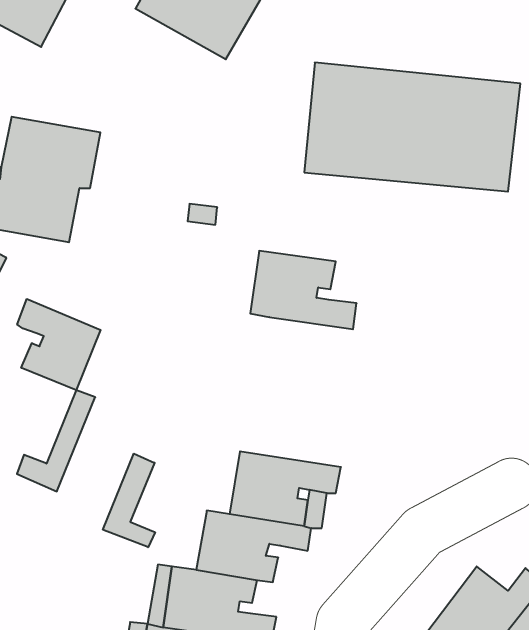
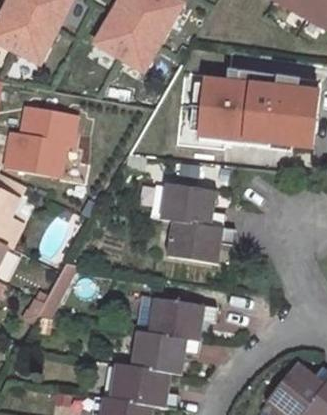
building: [17,299,101,390] -> none
building: none -> [168,221,233,263]
building: [103,454,155,547] -> none

